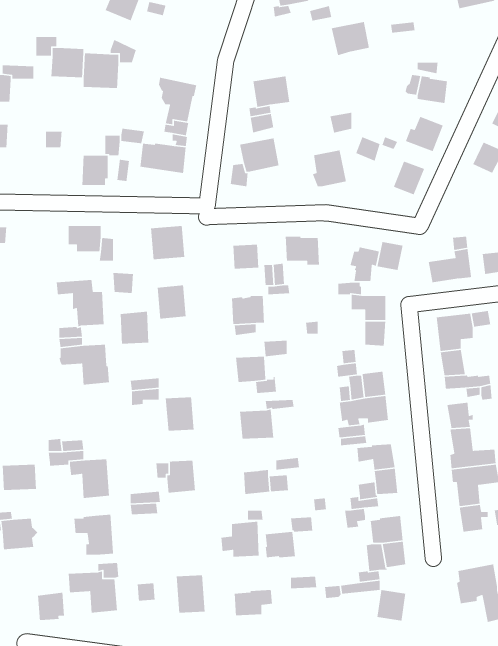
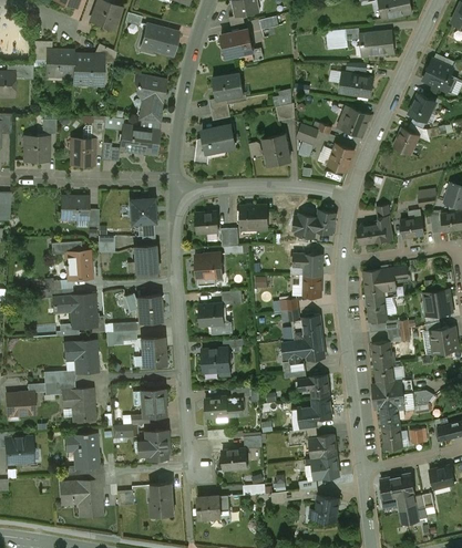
building: none -> [141,25,178,56]
building: [331,21,370,56] -> [220,30,253,59]
building: none -> [360,31,394,56]
building: none -> [25,137,48,162]
building: [120,311,149,345] -> [137,296,162,323]
building: none -> [63,341,97,374]
building: [220,521,260,557] -> [136,430,168,459]
building: [37,592,65,621] -> none

